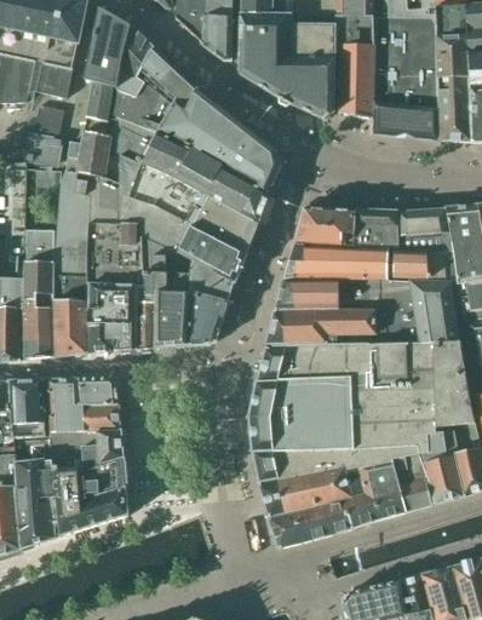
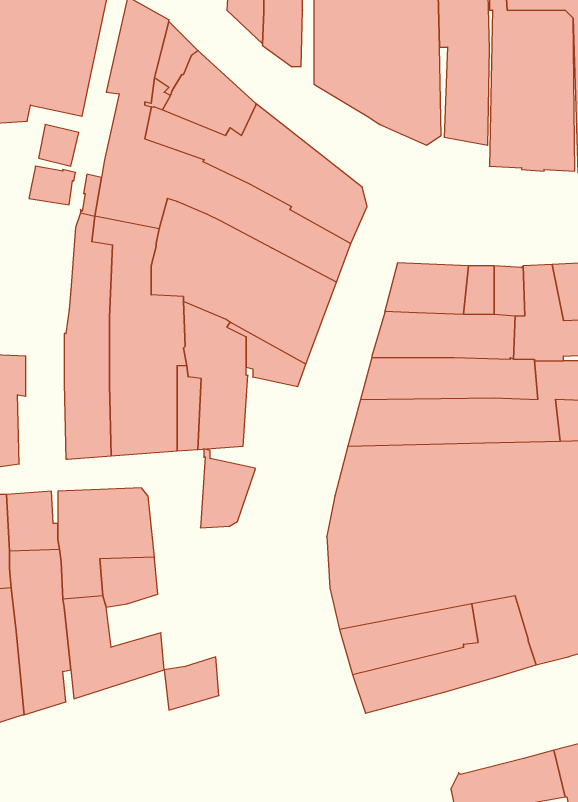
building: [23,228,57,358] -> none
building: [187,286,228,345] -> [200,449,255,528]
building: [84,457,125,496] -> [164,657,219,710]

